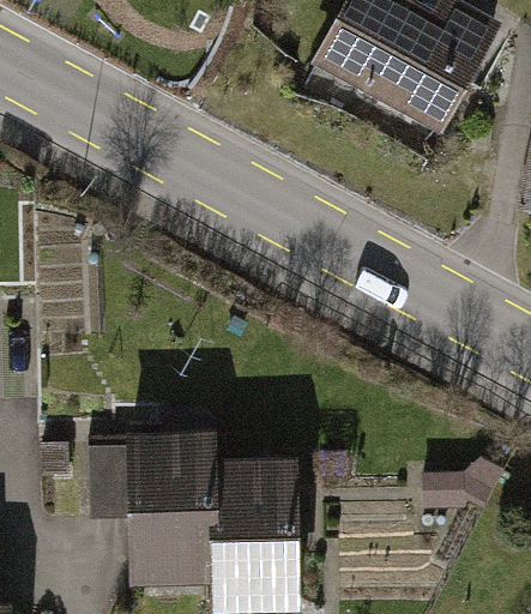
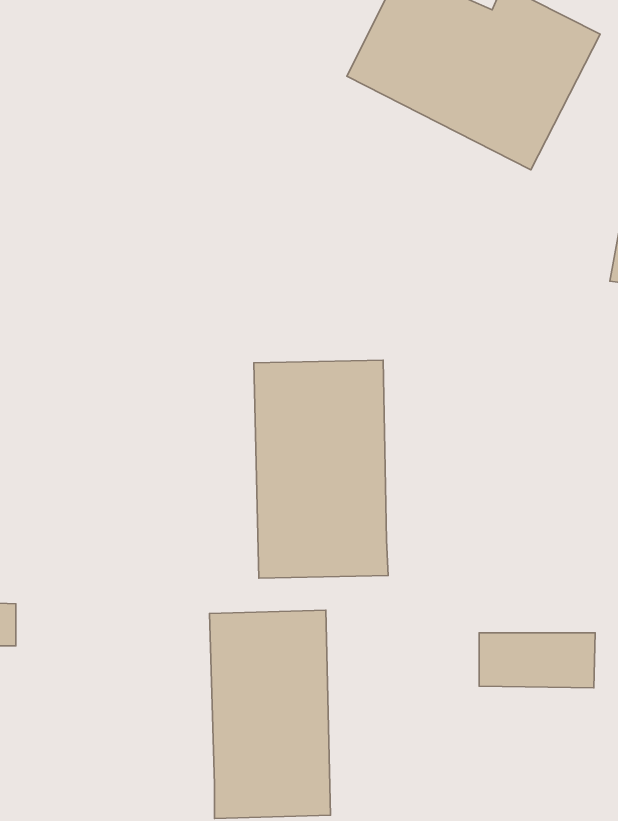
building: none -> [254,360,388,578]
building: [122,426,212,588] -> none

